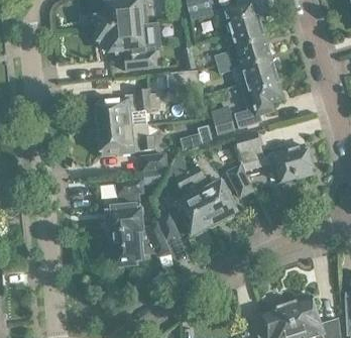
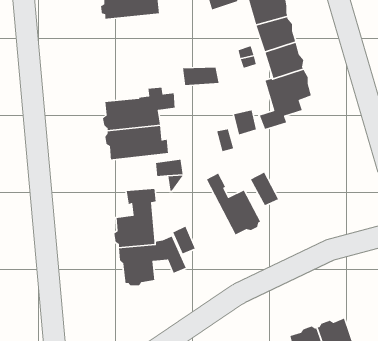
building: [94,23,155,70] -> none
building: [234,131,313,182] -> none
building: [174,172,213,234] -> none

